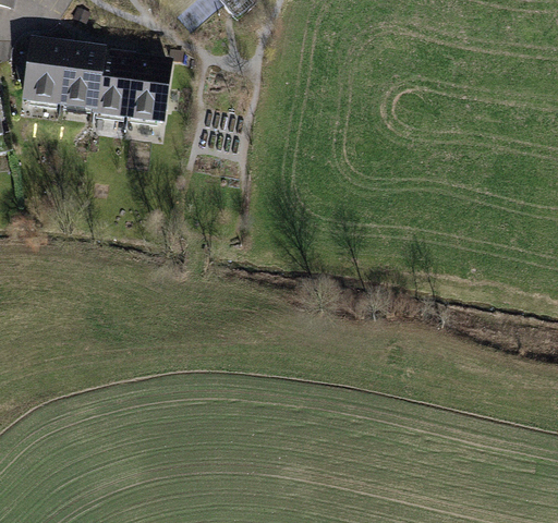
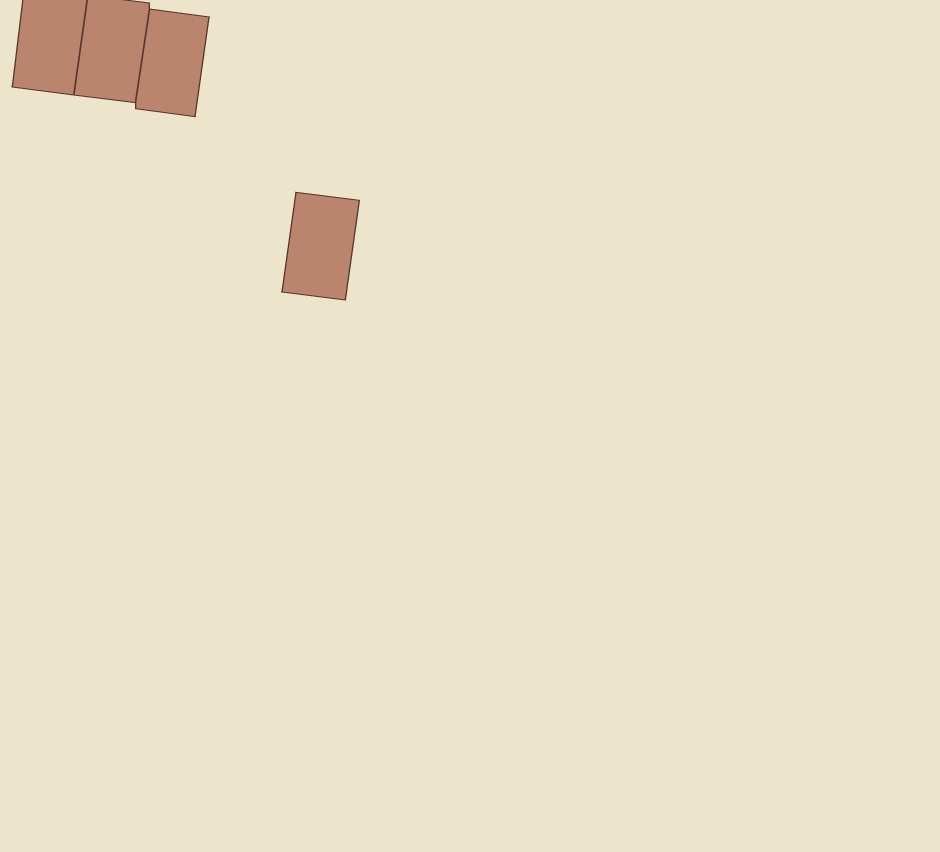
building: [121,58,163,117] -> [282,192,359,300]

